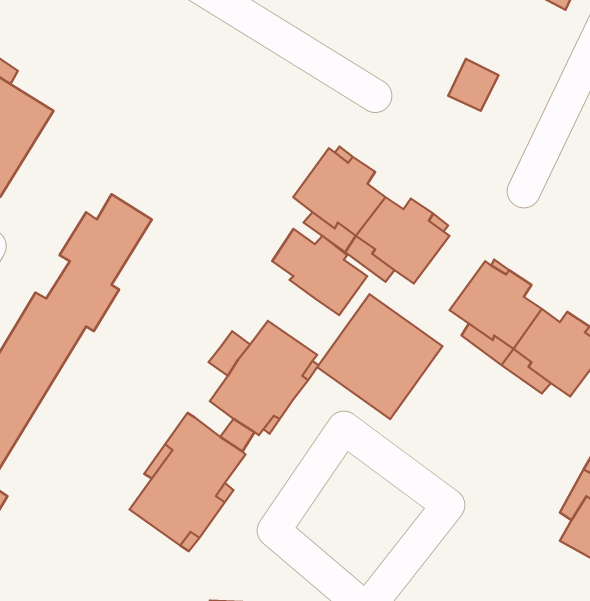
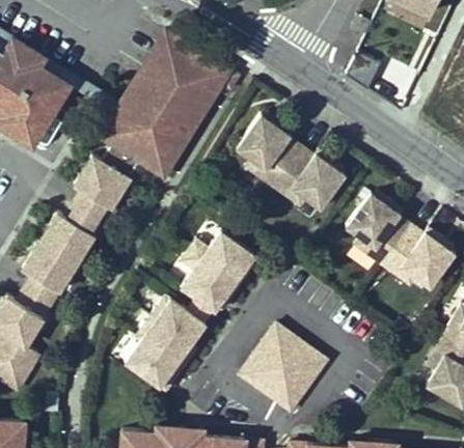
building: none -> [108,39,229,178]
building: [272,229,367,315] -> none
building: [317,294,442,419] -> [238,333,325,420]

